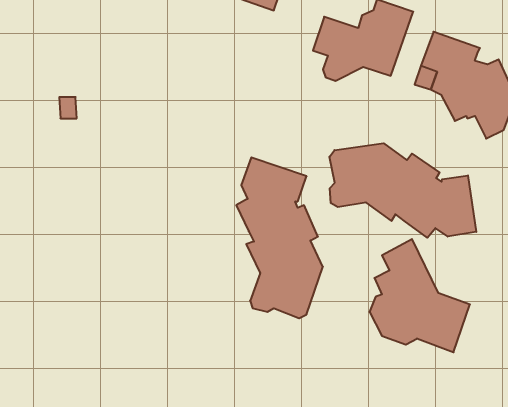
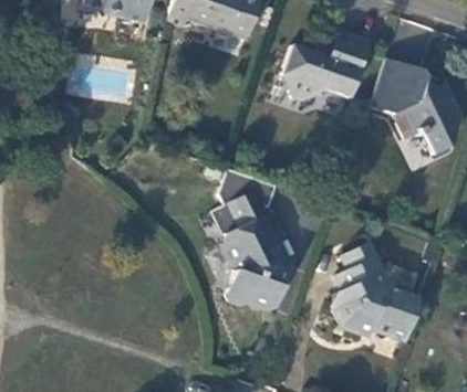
building: [329,143,476,238] -> none

